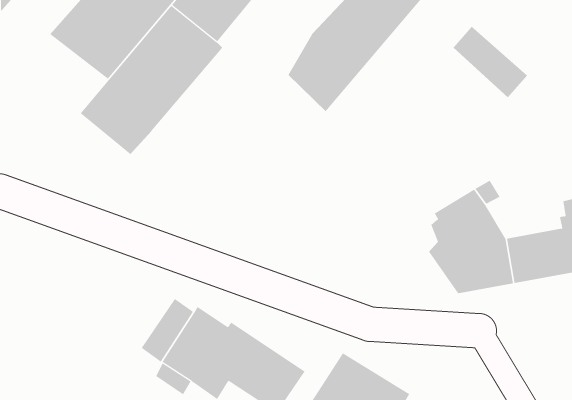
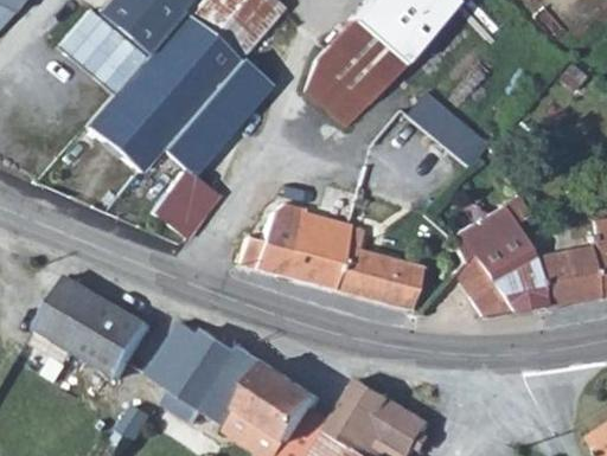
building: [452,26,528,98] -> [407,90,486,166]
building: none -> [164,59,268,172]
building: none -> [152,173,217,239]
building: none -> [243,204,421,309]
building: none -> [41,277,155,378]

